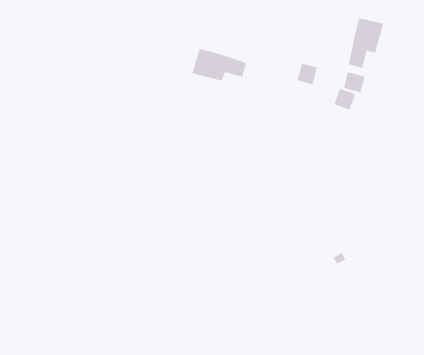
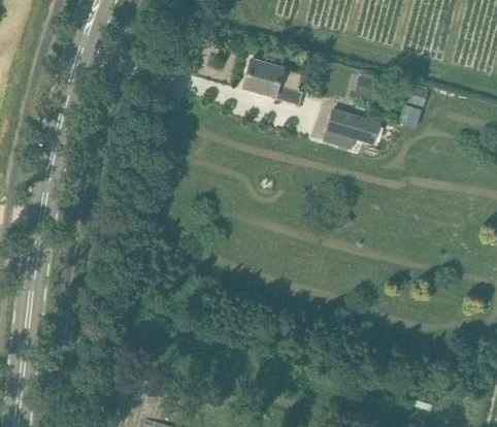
building: [348,18,384,69] -> none
building: none -> [324,109,380,152]

